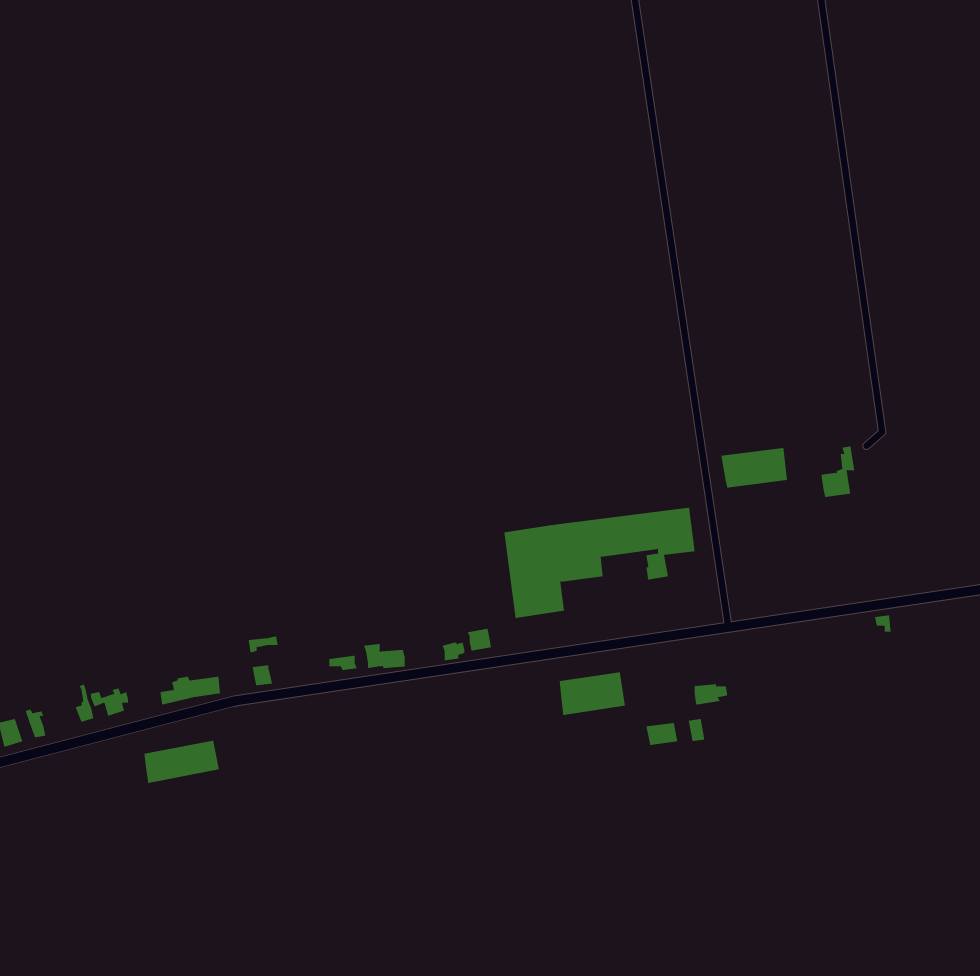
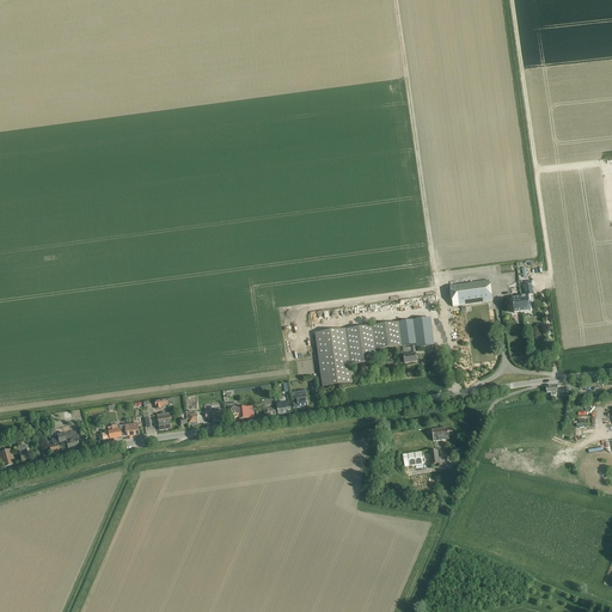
building: [559,671,626,716] -> none
building: [144,740,219,784] -> none

